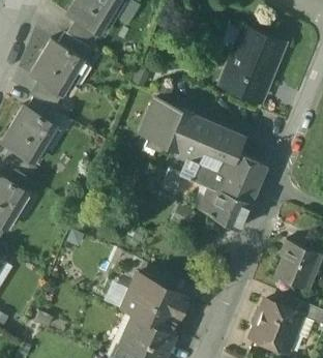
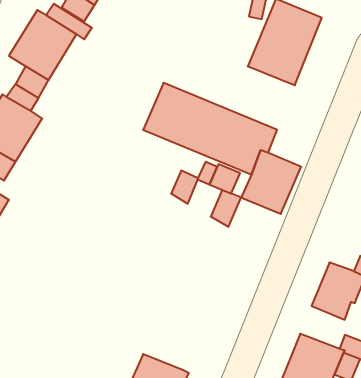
building: [207,190,249,231] -> none
building: [121,274,188,331] -> none

